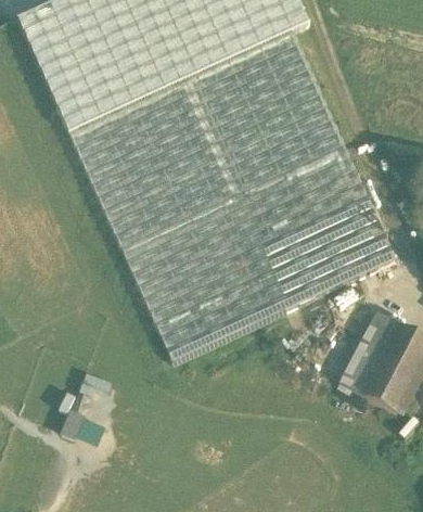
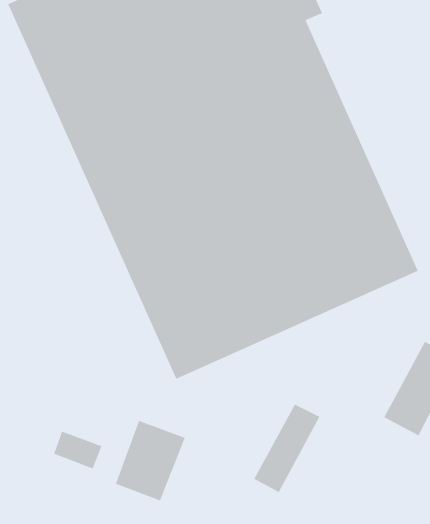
building: [338,311,400,394] -> [253,404,320,493]
building: none -> [115,420,186,502]

